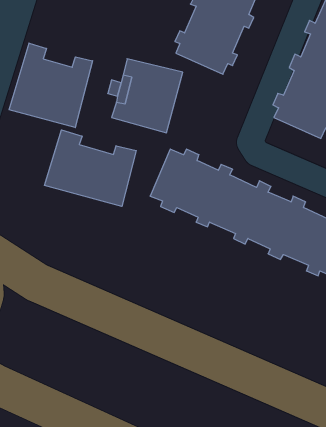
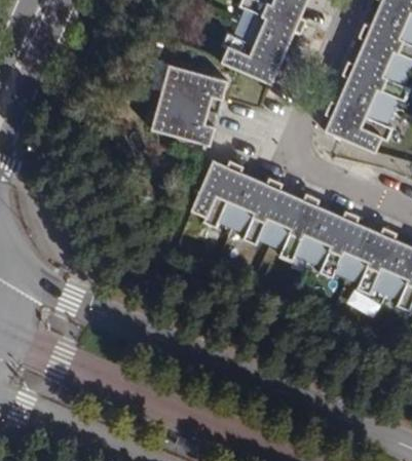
building: [9,43,93,128] -> none
building: [44,130,136,206] -> none

